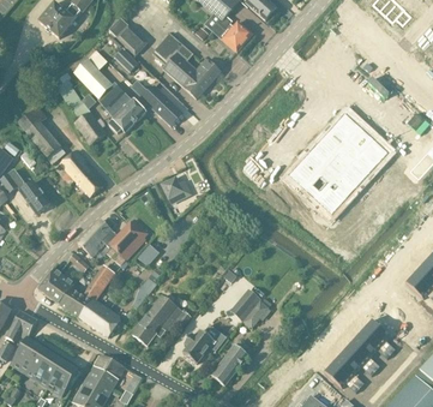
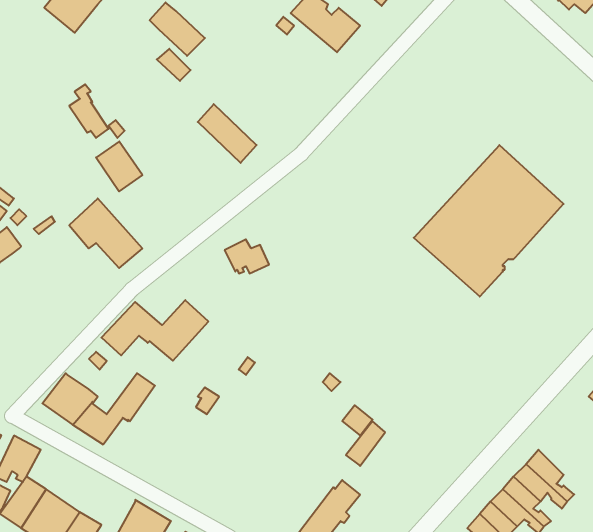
building: [151,32,219,97] -> none
building: [74,50,146,132] -> none
building: [19,110,62,158] -> none
building: [18,180,50,214] -> none
building: [132,294,191,345] -> none
building: [79,297,120,335] -> none
building: [182,329,224,363] -> none

